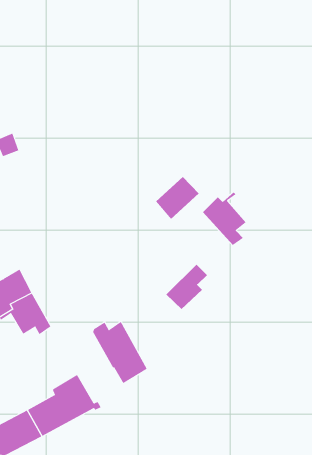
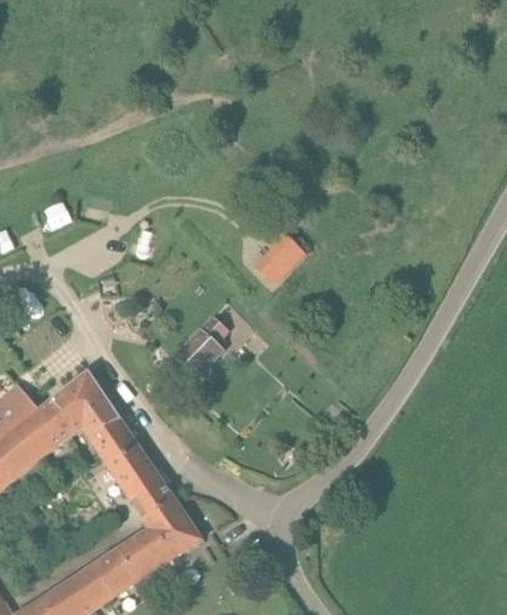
building: [202,192,246,246] -> none
building: [166,264,208,310] -> [175,315,227,375]
building: [92,321,148,384] -> [99,441,173,520]

